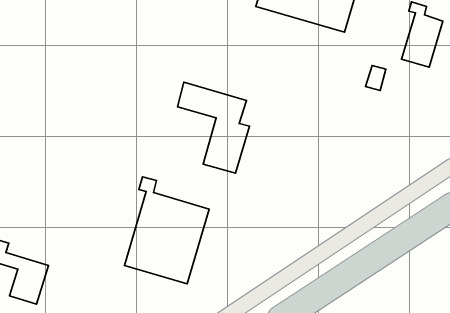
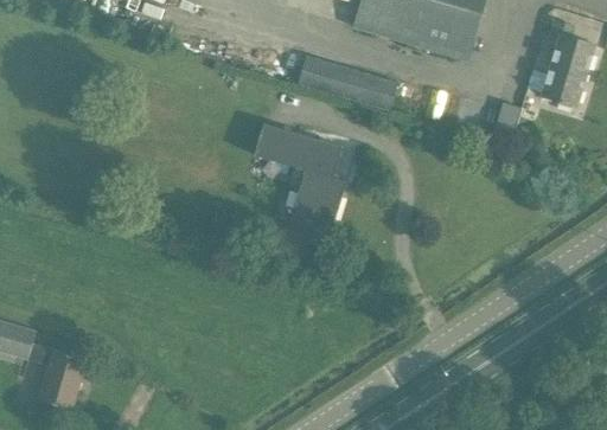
building: none -> [298,56,396,109]
building: [125,177,209,284] -> none

